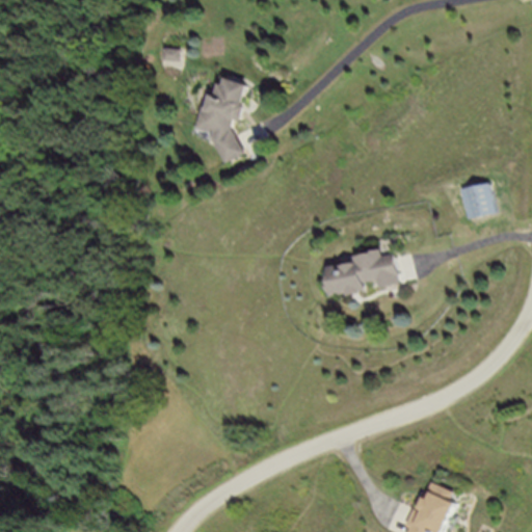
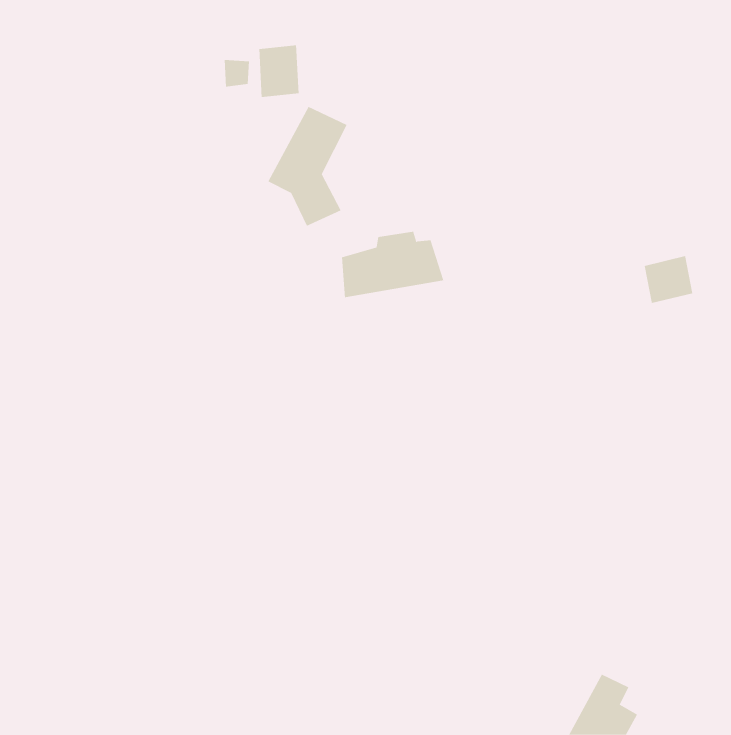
building: none -> [259,44,299,98]
building: [324,249,398,297] -> [341,231,444,298]

